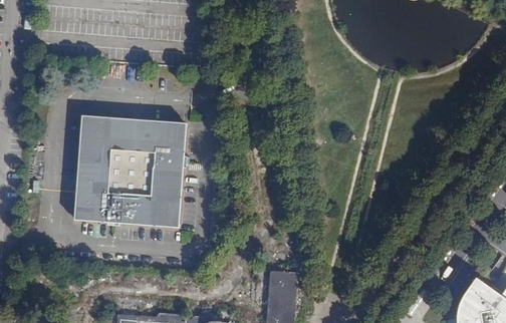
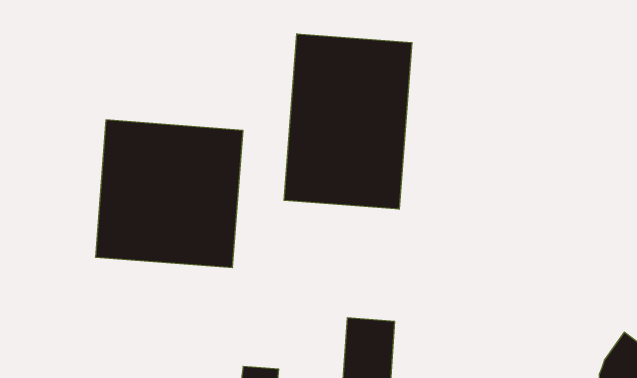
building: none -> [284,34,412,209]

